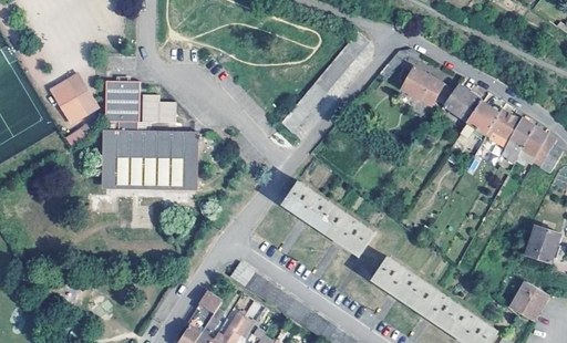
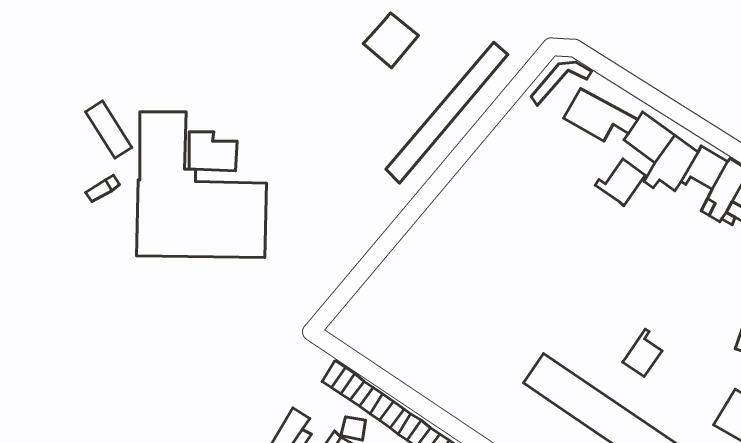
building: none -> [363,13,419,68]
building: [48,85,83,127] -> none
building: none -> [595,159,645,206]
building: [286,183,377,254] -> none
building: none -> [623,329,662,376]

